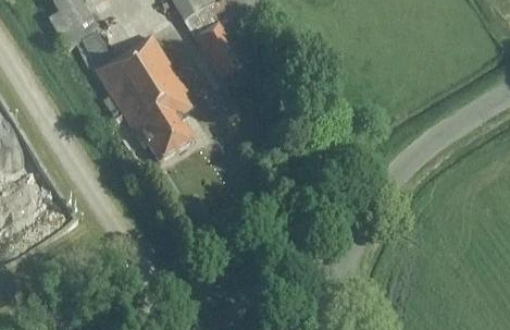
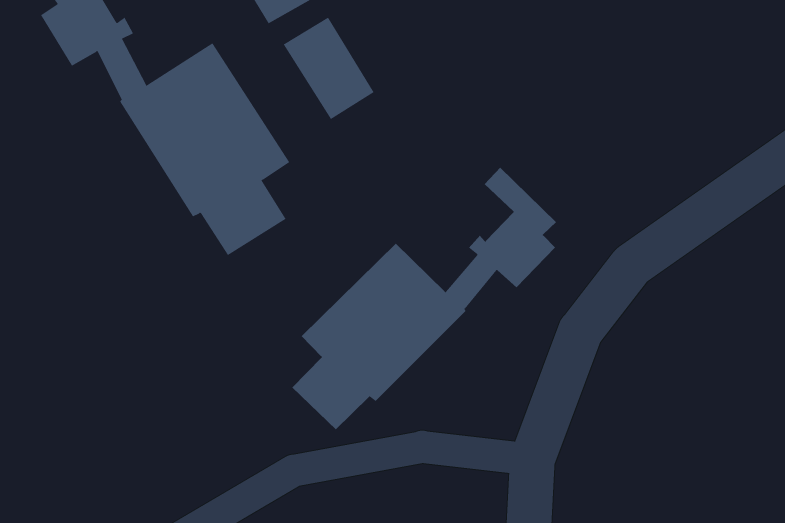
building: none -> [291,167,557,430]

